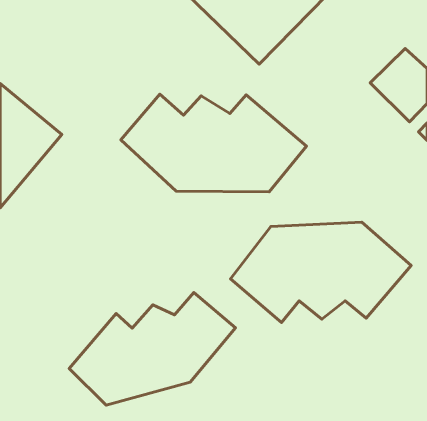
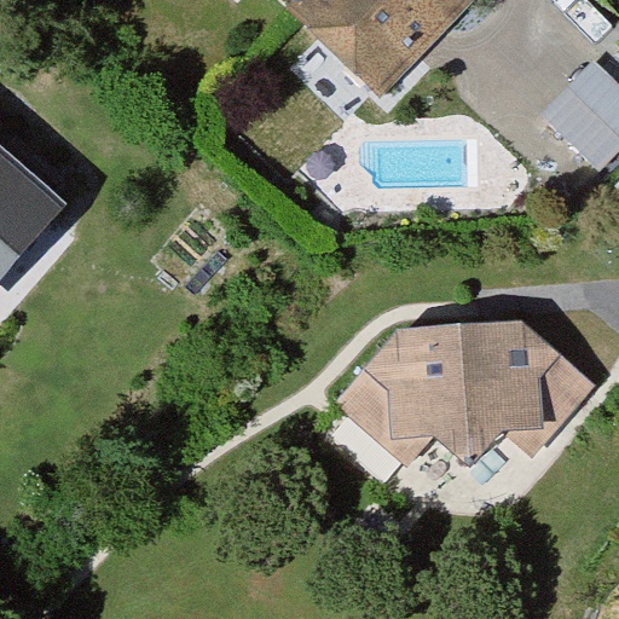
building: [121,94,306,192] -> none
building: [69,293,235,405] -> none

